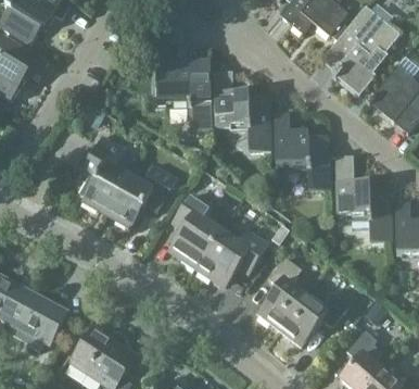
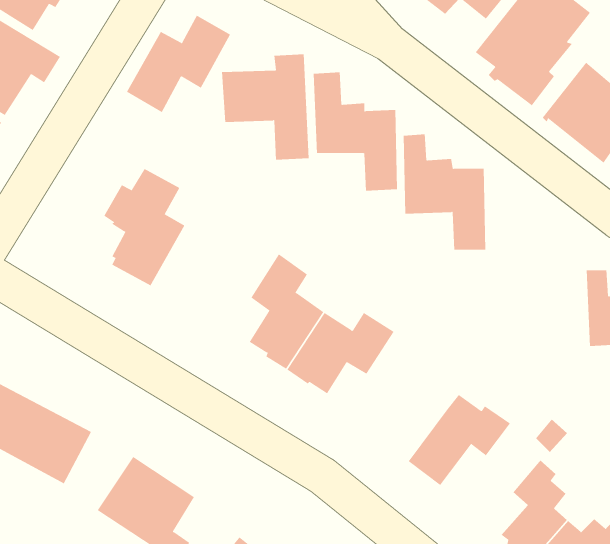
building: [334,155,394,241] -> none
building: [107,162,177,227] -> [126,15,231,113]
building: [256,255,304,329] -> none

